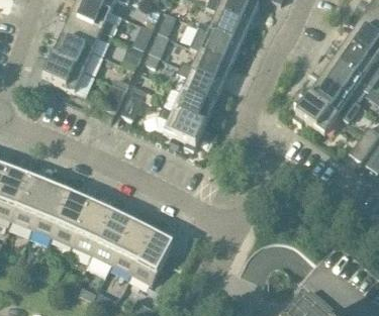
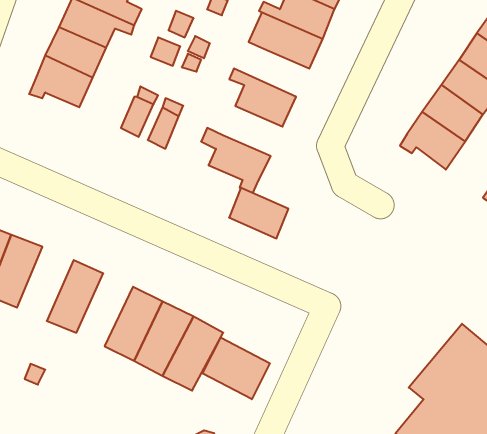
building: [180,51,231,85] -> none
building: [173,91,213,125] -> [229,188,288,238]
building: [32,187,71,237] -> none
building: [73,205,111,254] -> none
building: none -> [203,337,270,399]

